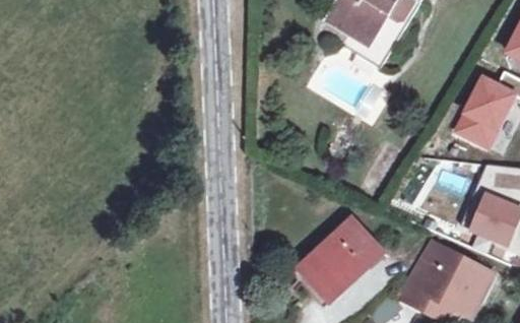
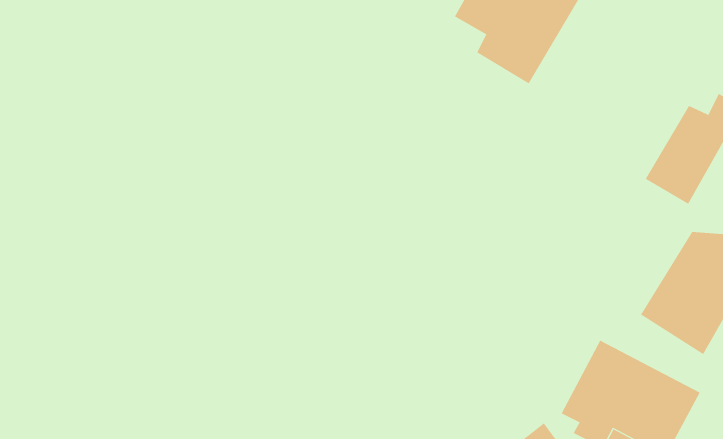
building: [301,218,384,295] -> none

